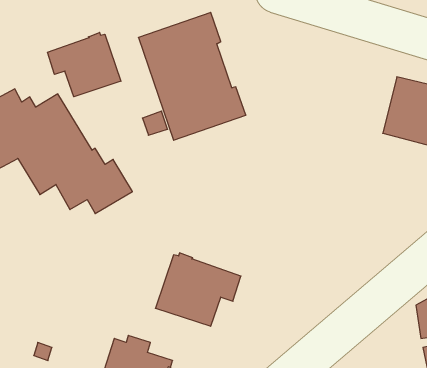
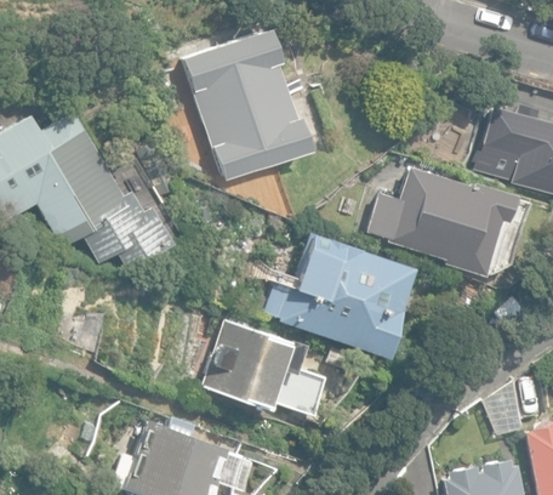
building: [47,32,121,97] -> none
building: none -> [369,169,512,275]
building: none -> [264,232,412,355]

